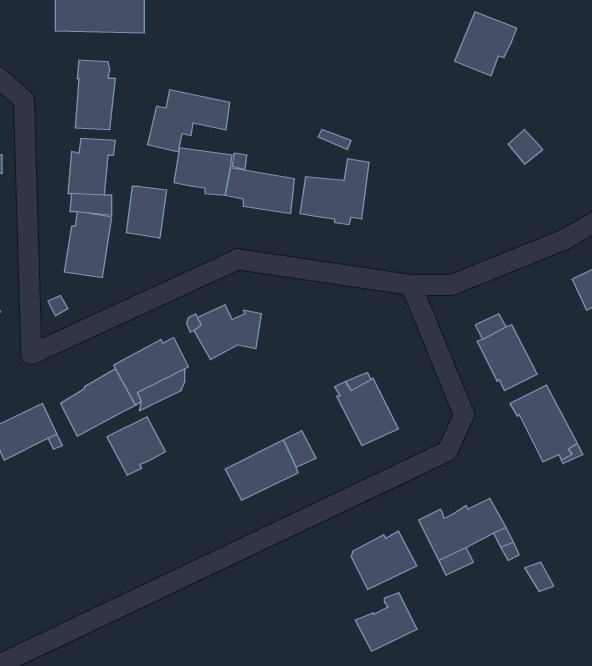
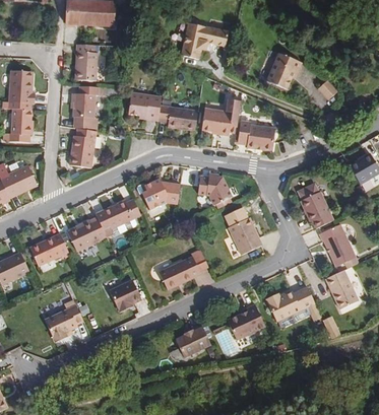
building: [455,12,517,76] -> [266,53,301,88]
building: [147,90,230,152] -> [181,21,227,56]
building: [126,186,167,238] -> none
building: none -> [237,120,274,149]
building: none -> [198,171,232,207]
building: [107,417,165,475] -> [110,279,142,312]
building: none -> [325,270,358,308]
building: none -> [46,298,83,341]
building: [355,593,417,651] -> [175,326,209,358]

